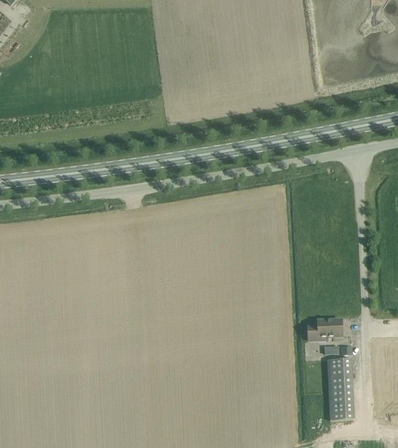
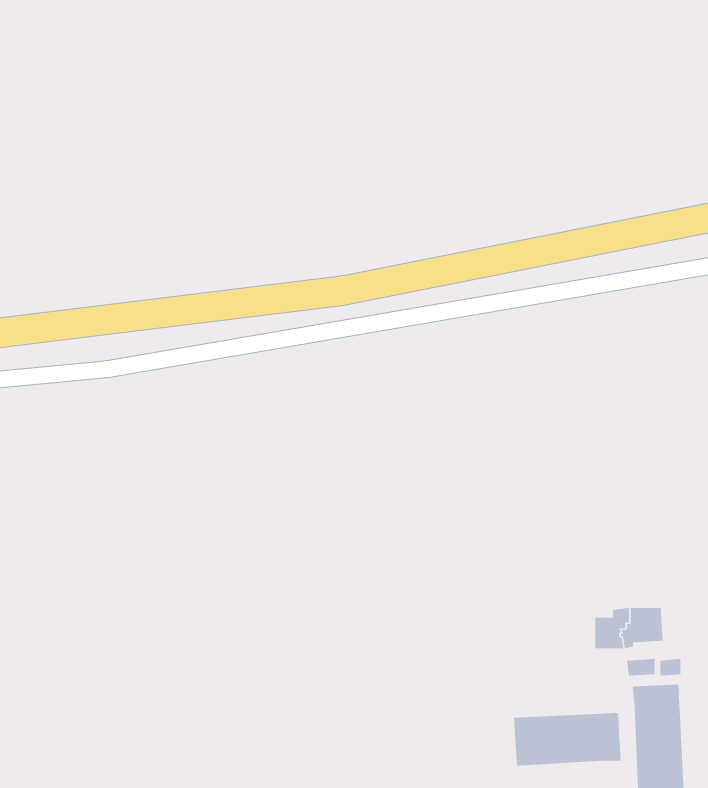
building: none -> [514,712,621,767]

